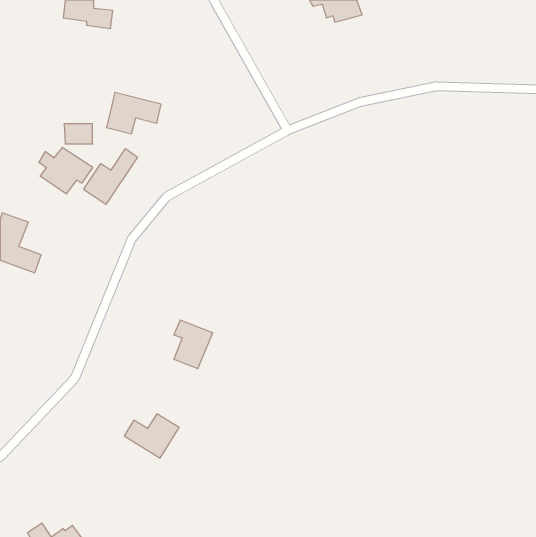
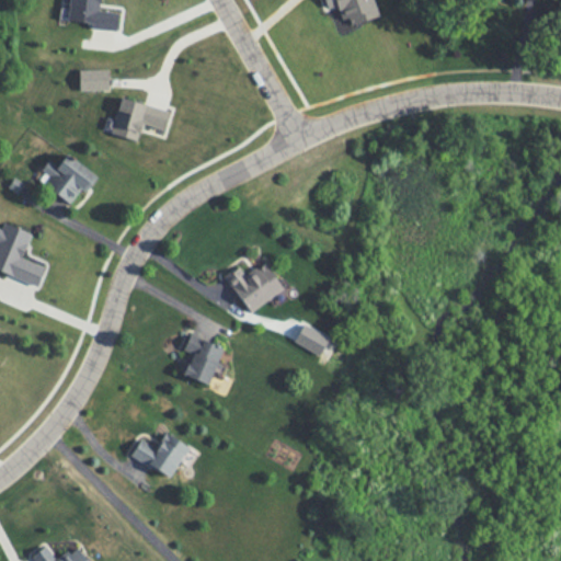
building: [64,124,93,144] -> [80,69,110,90]
building: [84,149,137,205] -> none
building: none -> [225,262,284,312]
building: none -> [294,323,329,355]

